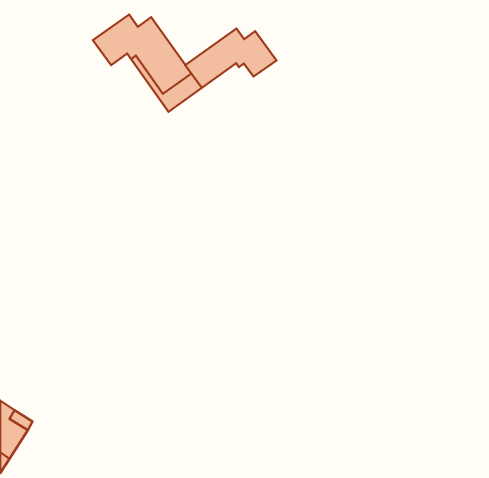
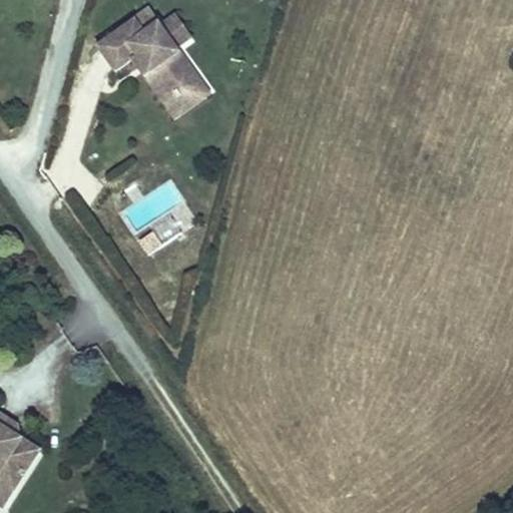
building: [185,28,276,88] -> none

